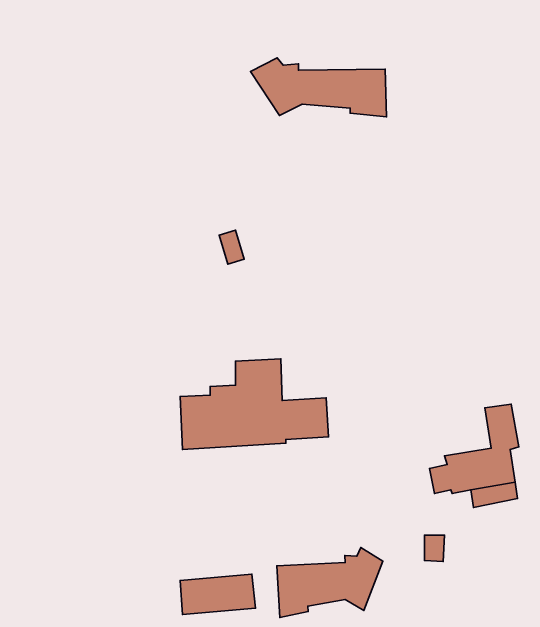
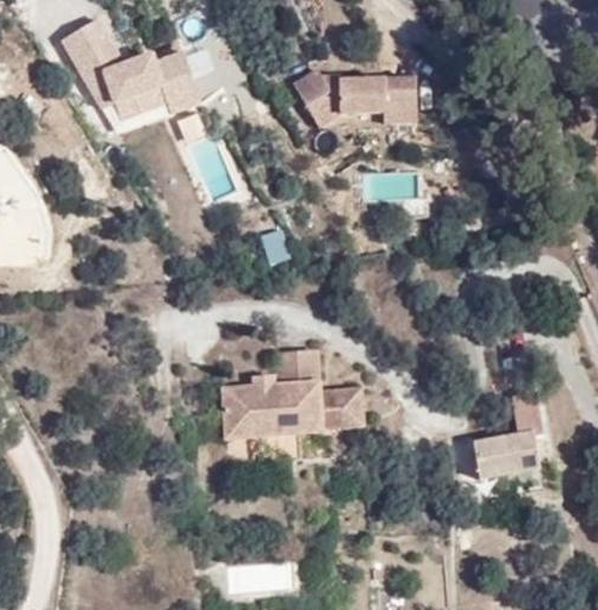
building: none -> [60,19,199,117]
building: [277,548,383,618] -> none

